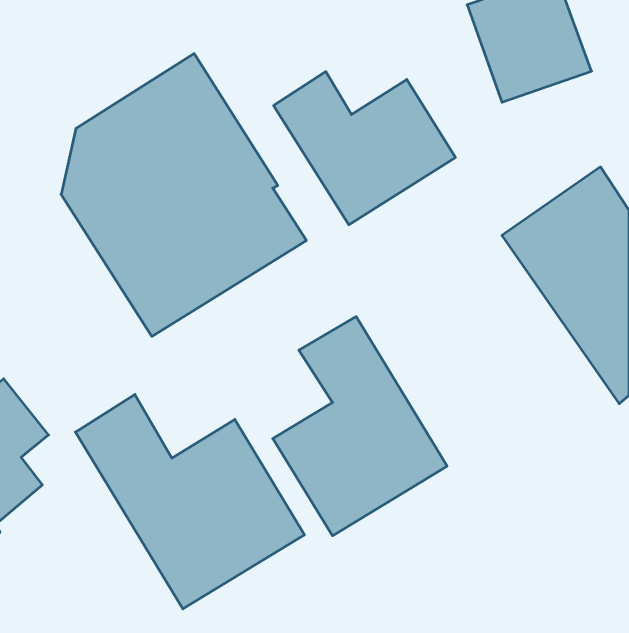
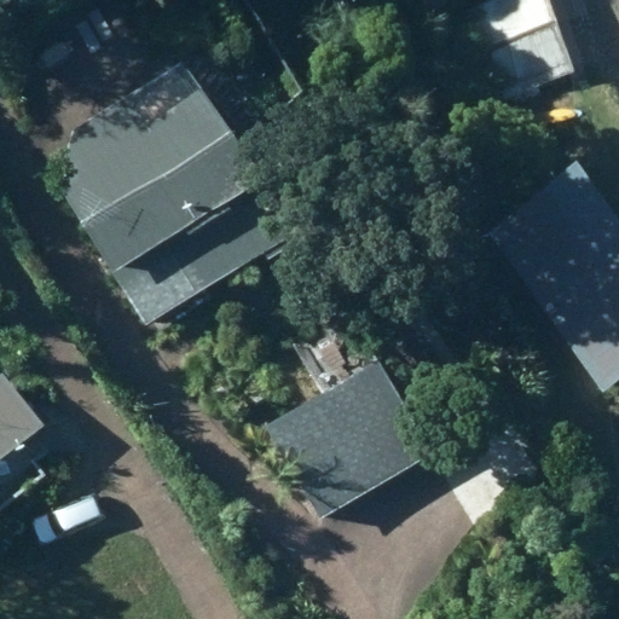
building: [274,72,455,225] -> none
building: [75,394,304,609] -> none

